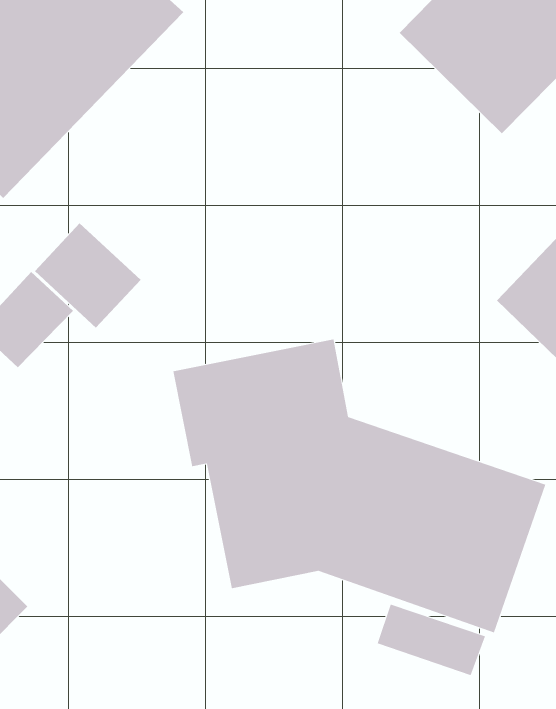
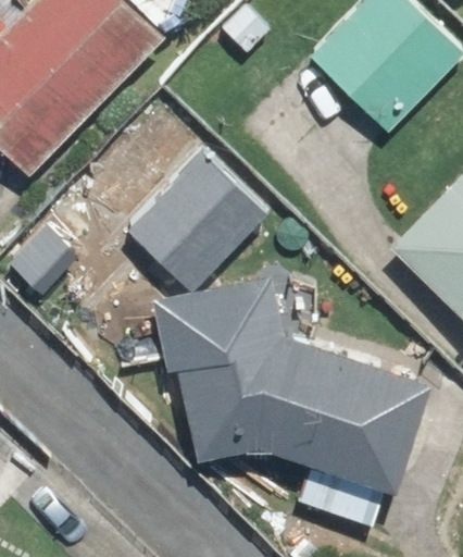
building: none -> [93,117,270,292]

